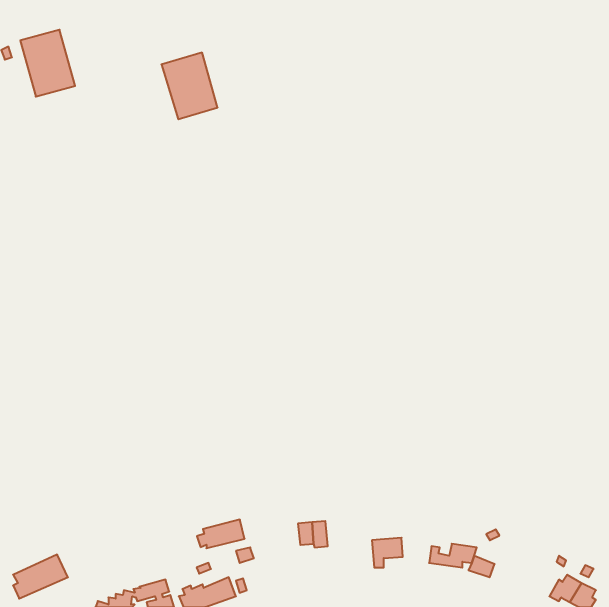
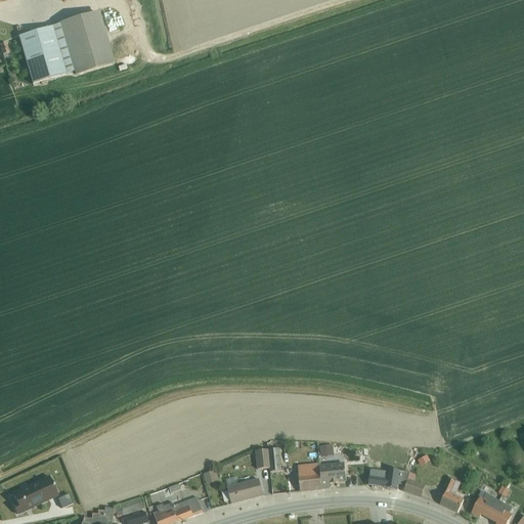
building: [161,53,218,119] -> [60,17,108,75]
building: [197,520,245,548] -> [222,477,263,501]
building: none -> [297,462,321,489]
building: none -> [440,476,465,512]

